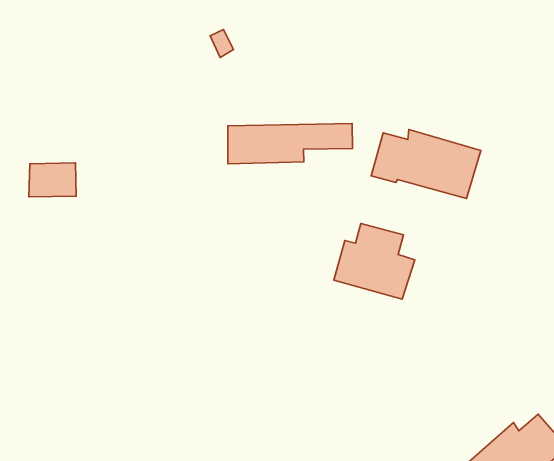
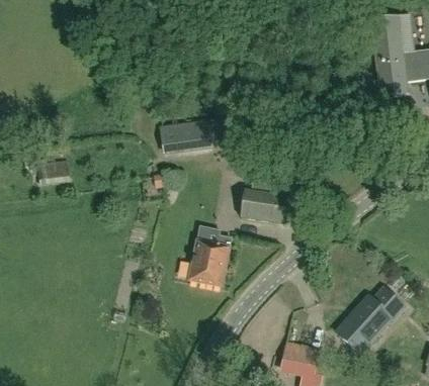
building: [371,130,481,198] -> none
building: none -> [188,225,232,286]

